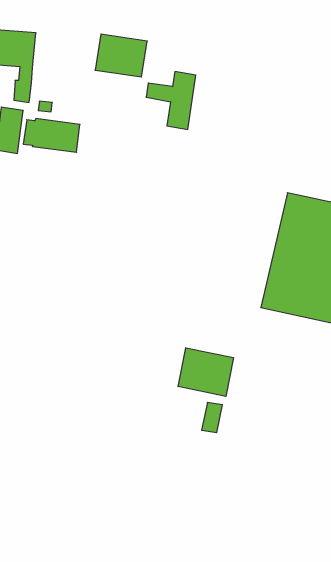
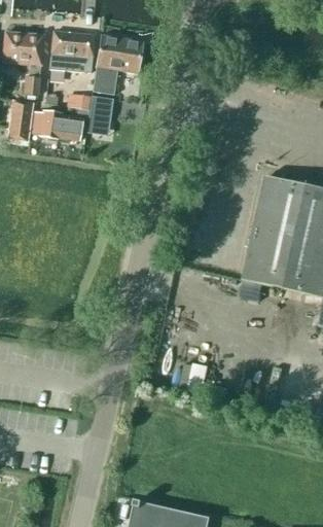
building: none -> [50,31,95,72]
building: [146,72,196,129] -> [67,82,111,134]
building: [178,348,233,396] -> none

